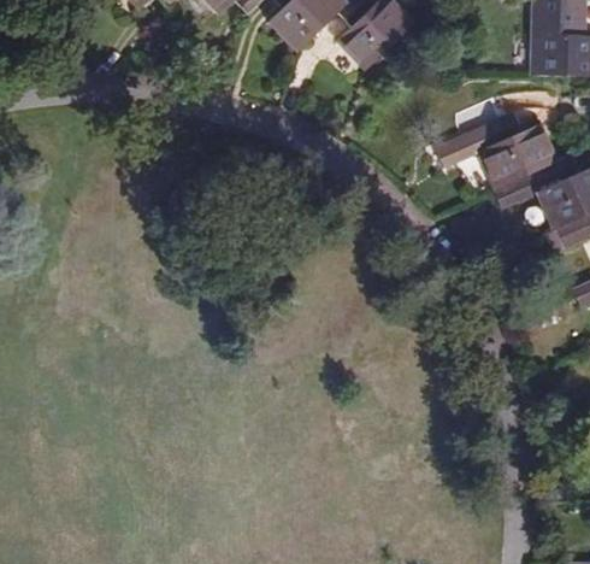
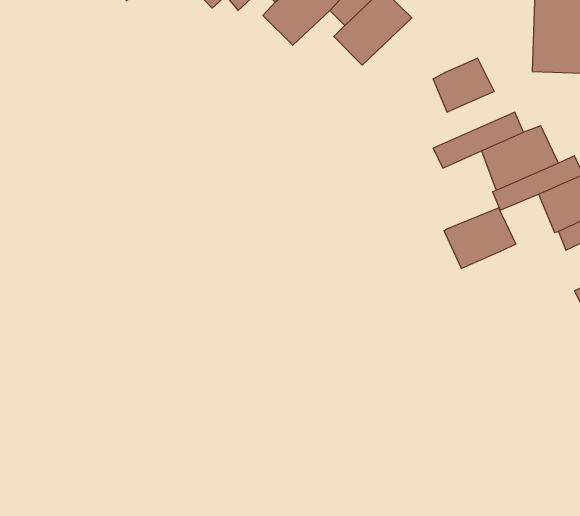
building: none -> [433,58,494,112]
building: none -> [444,208,516,269]

